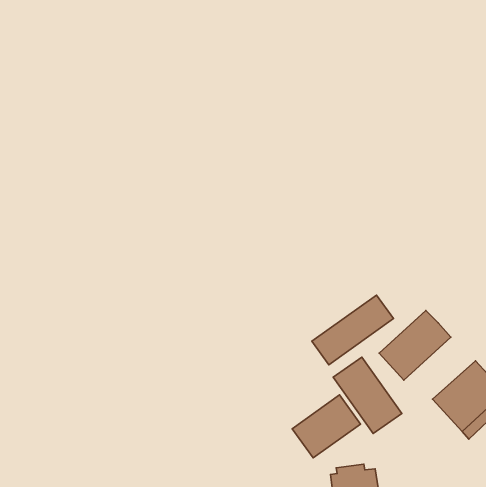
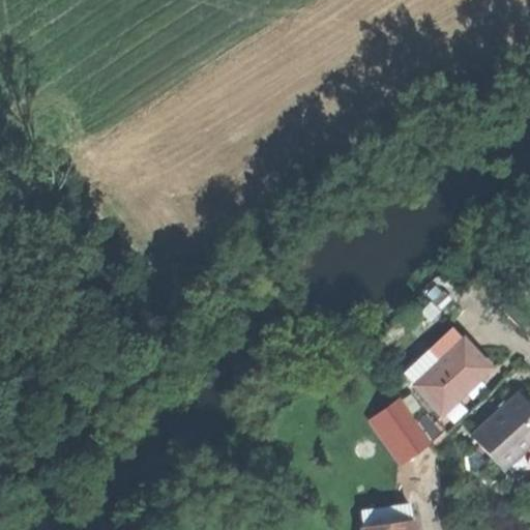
building: [312,295,393,365] -> none
building: [292,395,361,458] -> none

